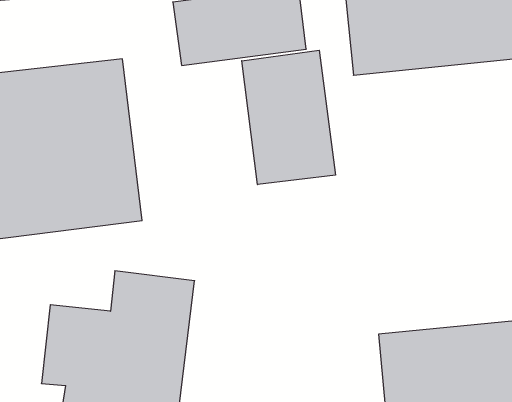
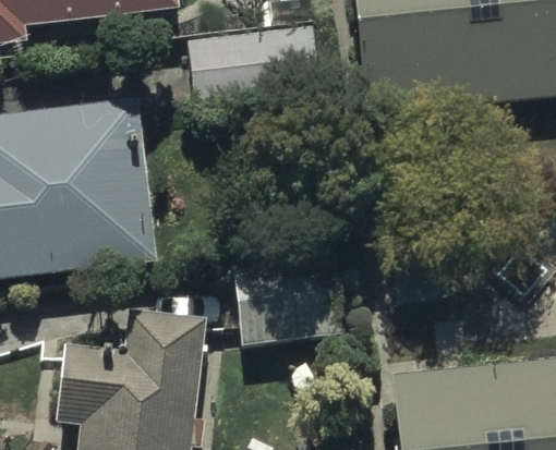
building: [242,50,335,185] -> none
building: none -> [230,256,341,348]

